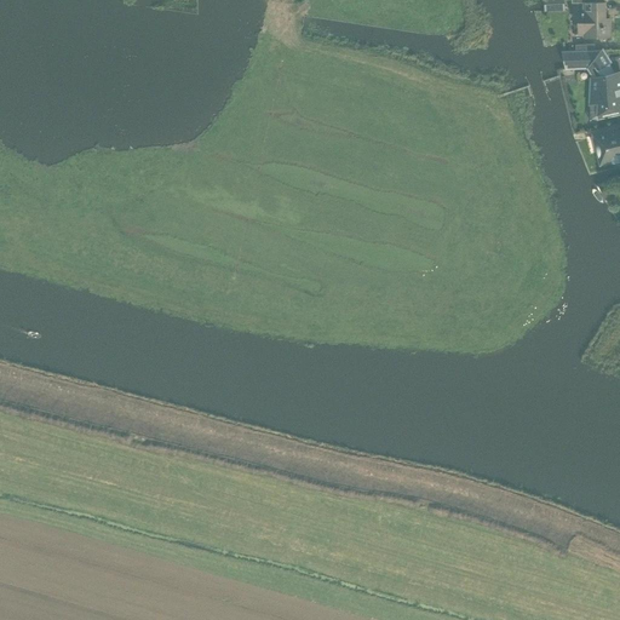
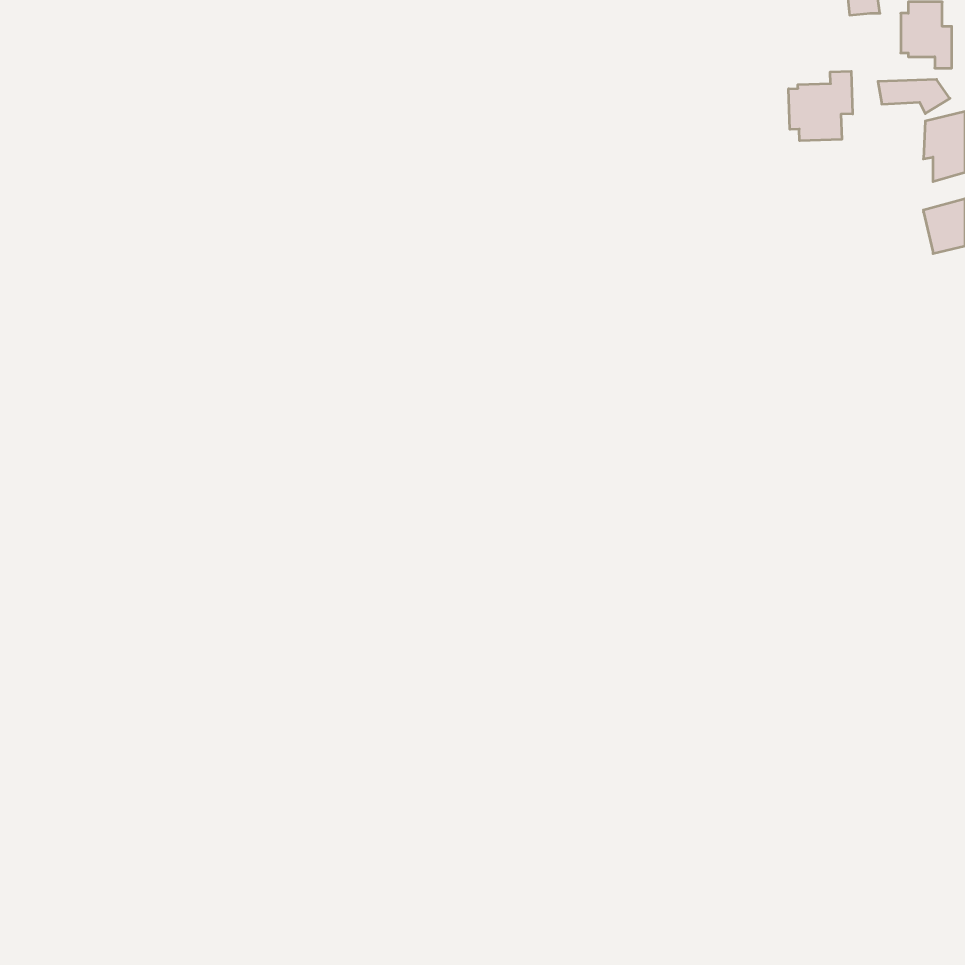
building: none -> [789,71,853,141]

